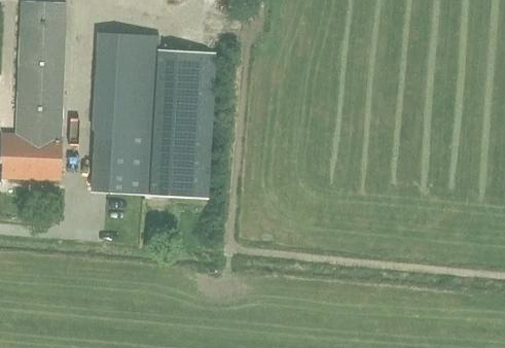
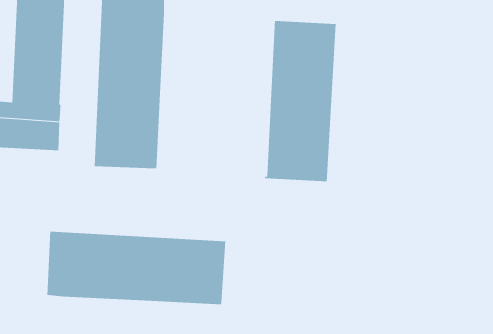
building: [148,49,215,199] -> [264,21,337,182]
building: none -> [47,231,226,305]

